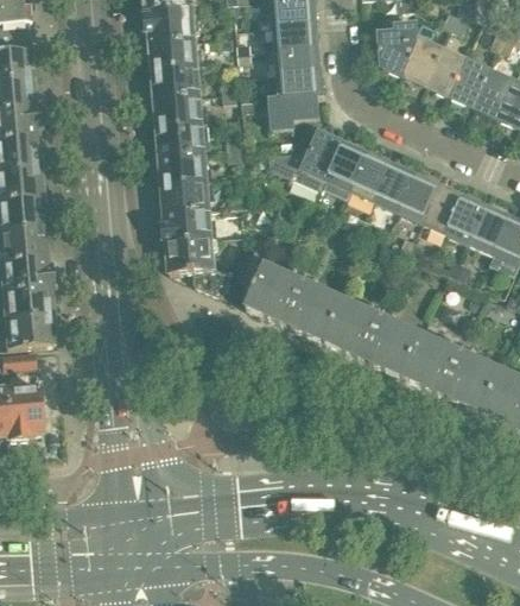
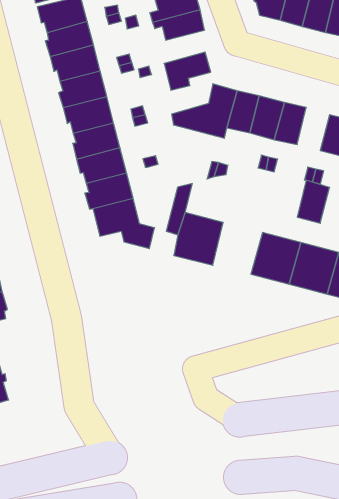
building: [268,70,322,99] -> none
building: [398,172,438,221] -> [297,180,330,223]
building: [285,280,344,341] -> none

